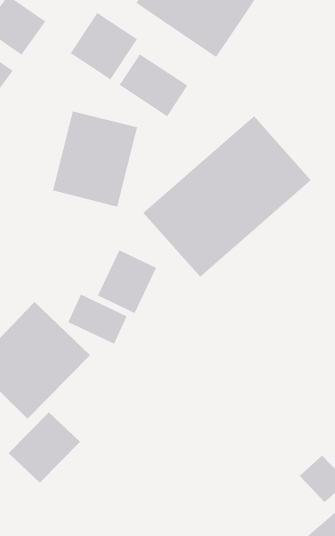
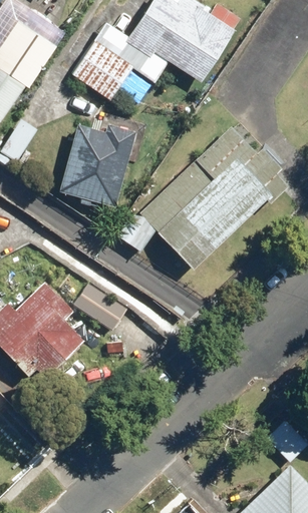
building: [119,54,188,117] -> none
building: [97,250,157,314] -> none
building: [8,411,81,483] -> none

